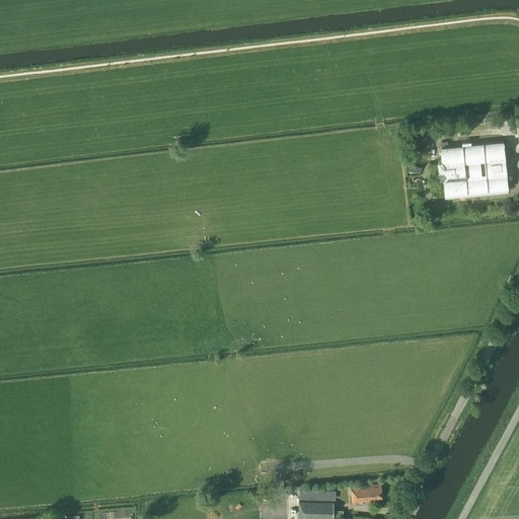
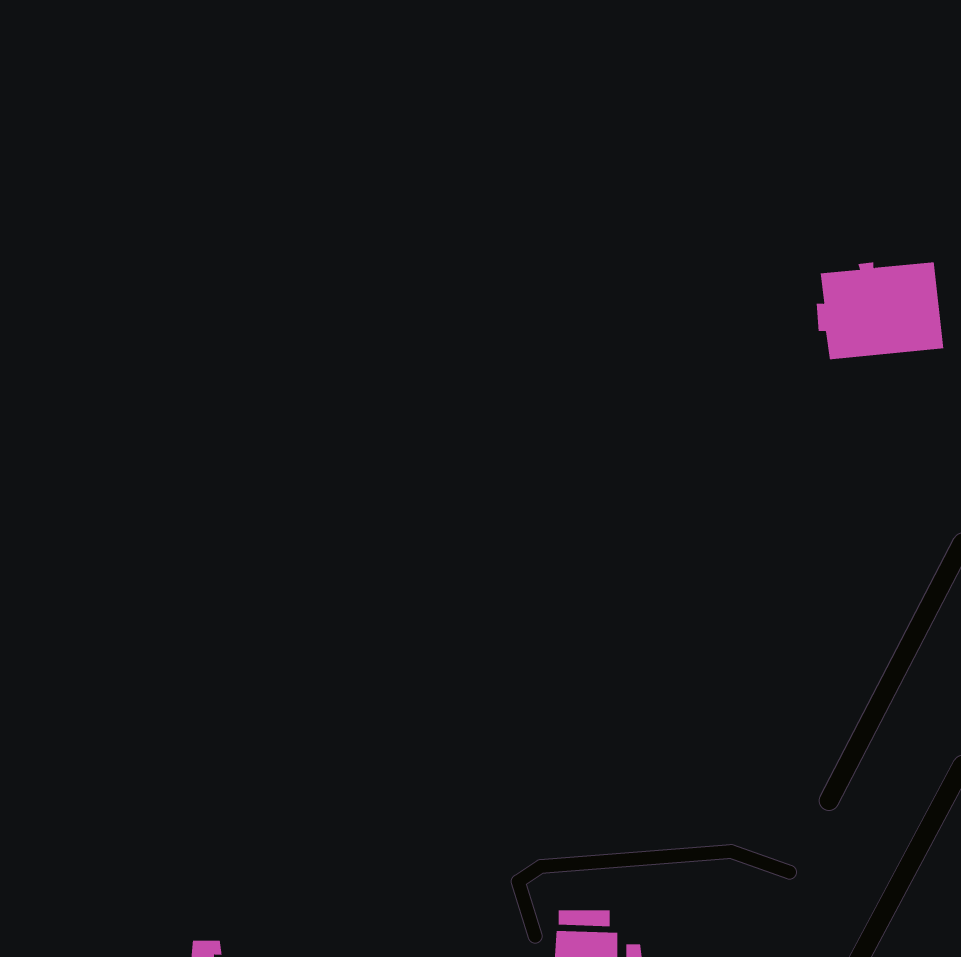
building: [352,487,382,507] -> none

